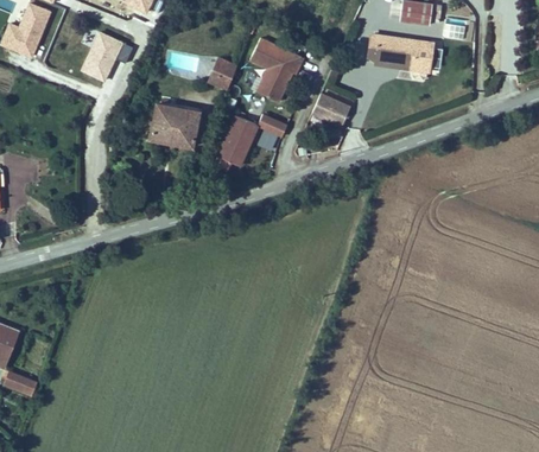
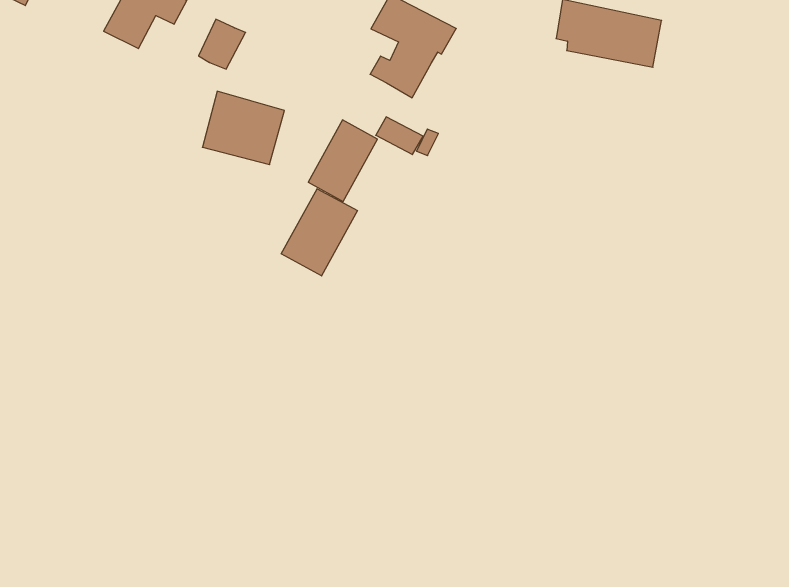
building: [209,57,237,88] -> [199,19,246,69]
building: [310,94,353,129] -> none
building: none -> [281,189,357,276]

